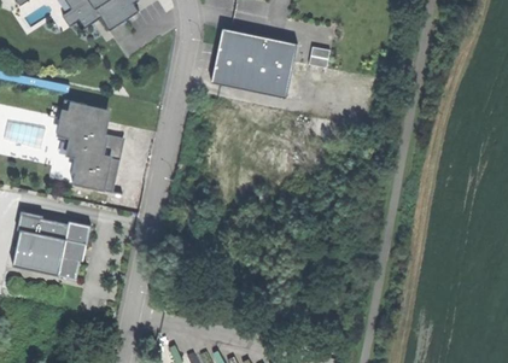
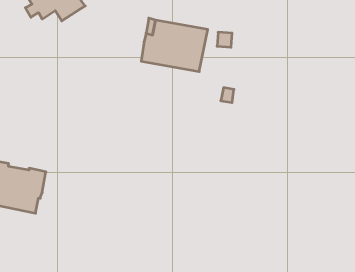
building: [53,100,122,191] -> none

